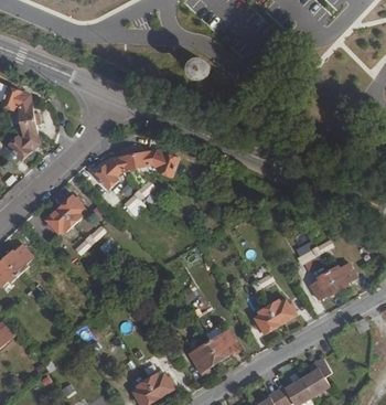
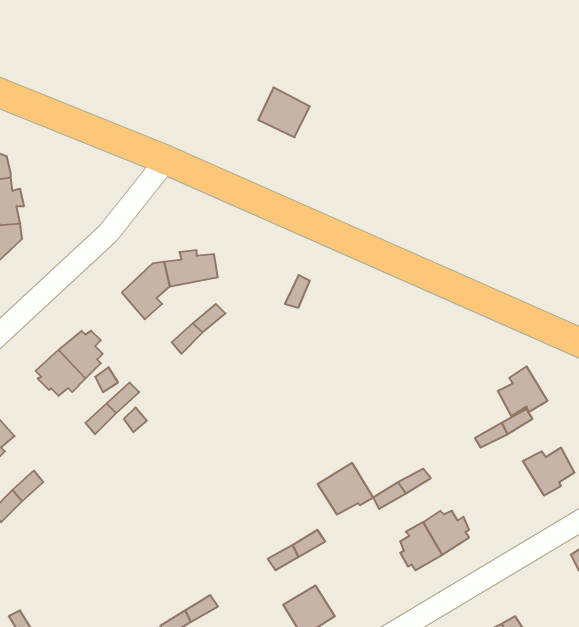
building: [148,150,176,177] -> none
building: [309,270,337,299] -> [498,366,548,416]
building: [206,330,238,360] -> [318,463,373,515]

